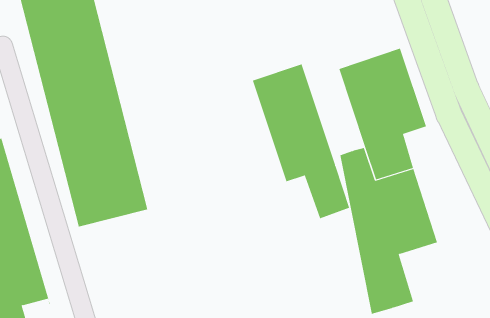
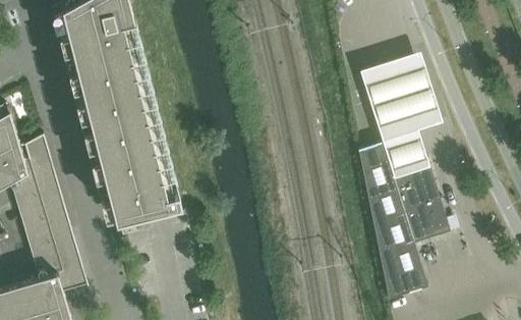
building: [252,63,350,219] -> none

